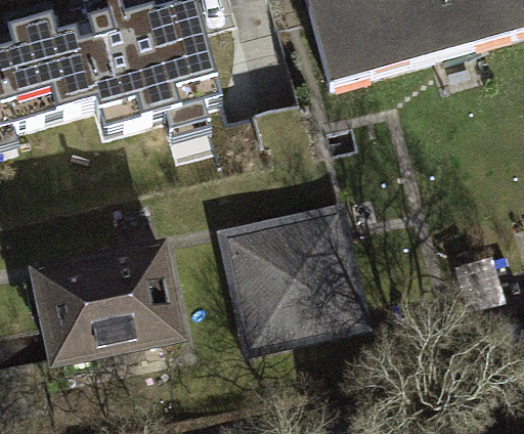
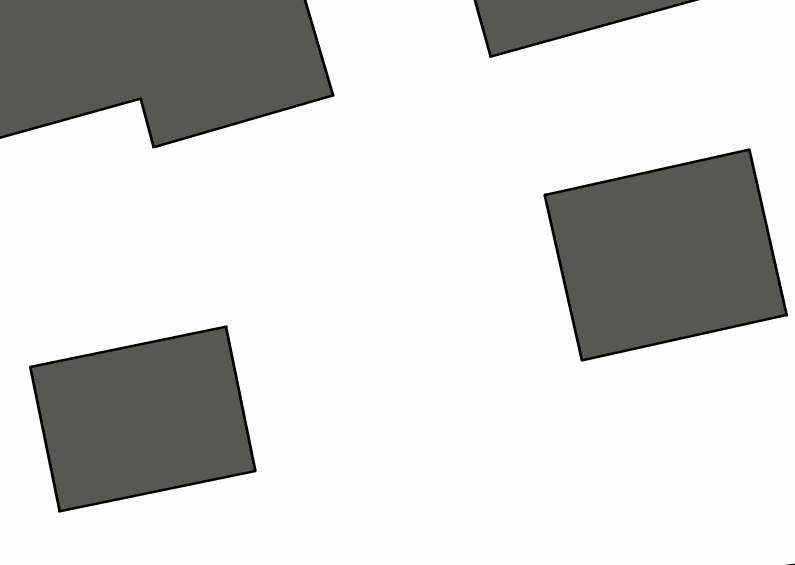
building: none -> [545,150,787,360]
building: [223,212,363,350] -> none

